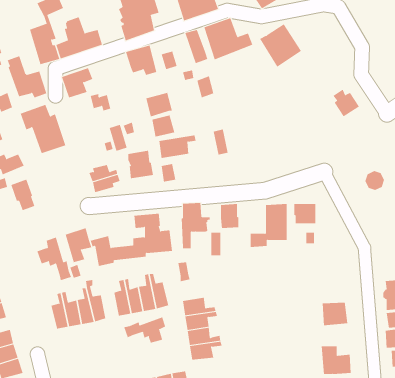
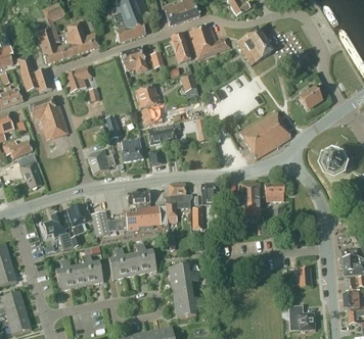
building: none -> [240,110,290,158]
building: [124,316,166,344] -> none

